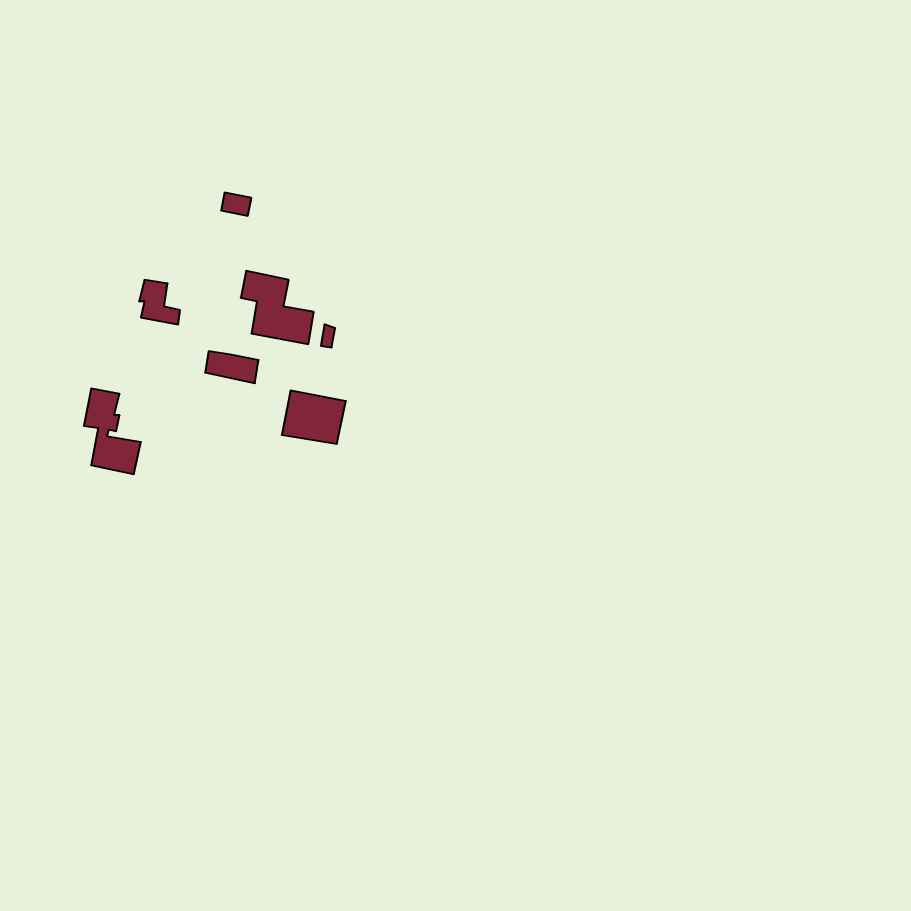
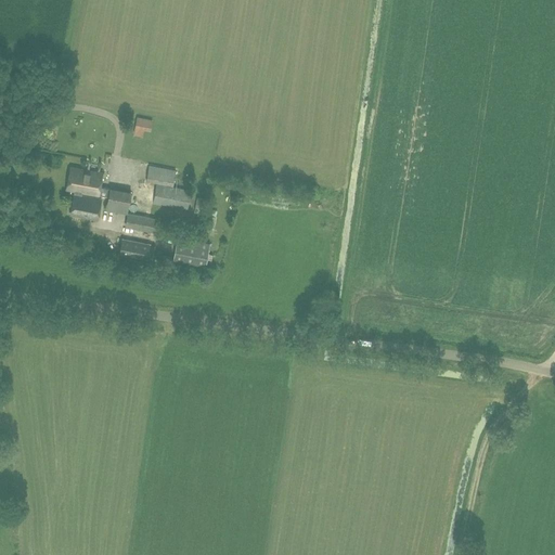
building: none -> [105,188,131,214]
building: [84,389,141,474] -> [66,167,101,219]
building: none -> [119,238,150,259]

